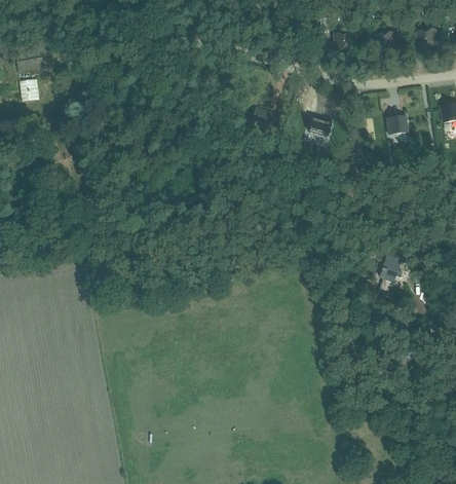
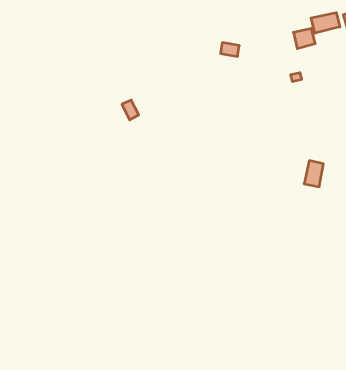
building: none -> [311,13,340,33]

